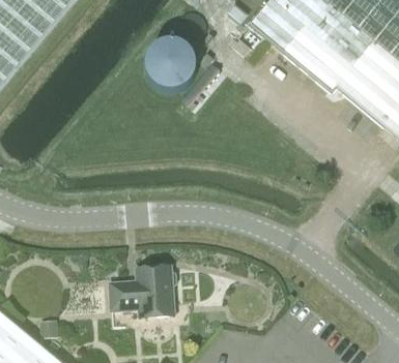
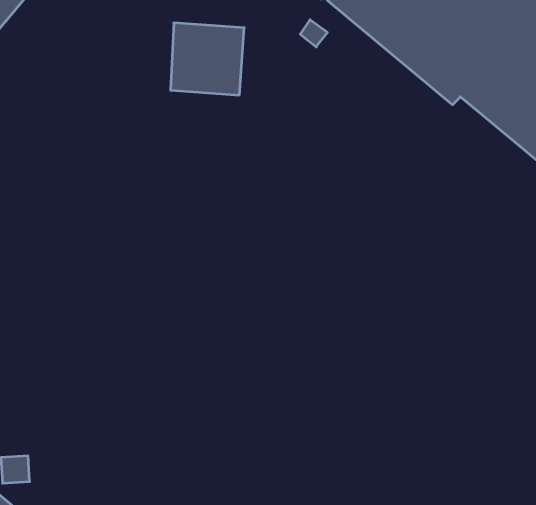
building: [110,268,176,319] -> none

